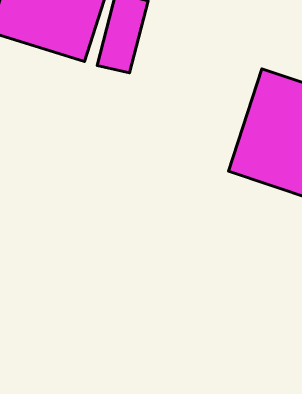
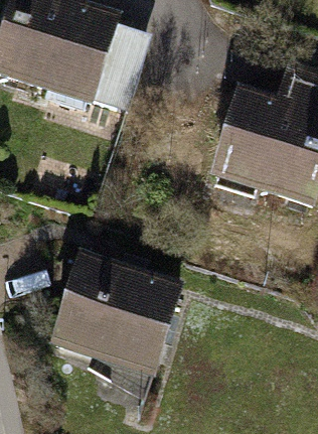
building: none -> [50,260,169,367]

